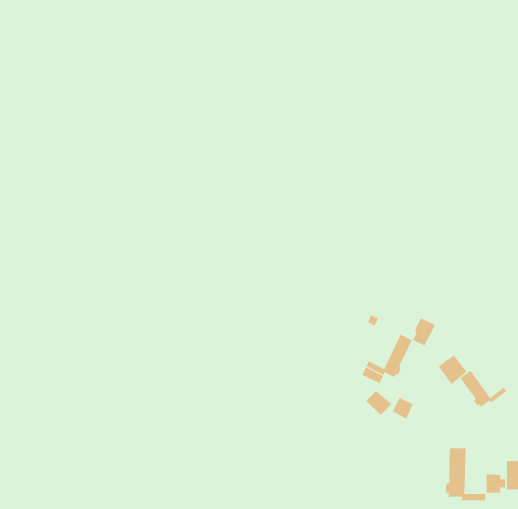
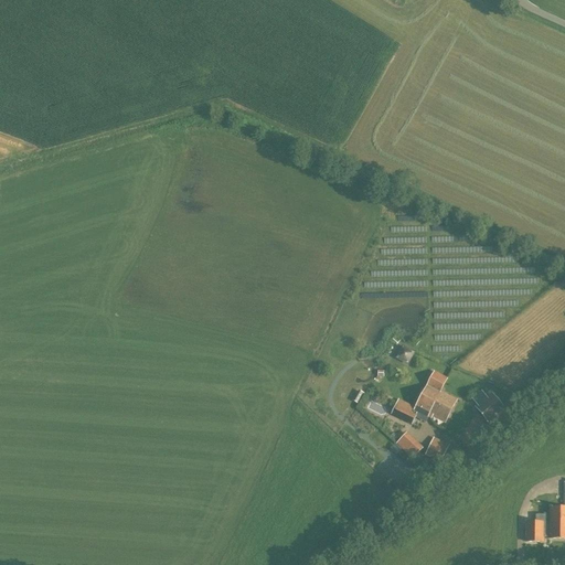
building: [412,318,436,346] -> [431,390,457,420]
building: [460,370,507,408] -> none
building: [446,447,486,501] -> none

